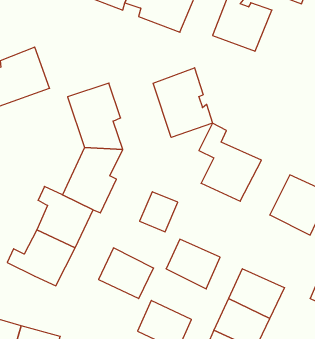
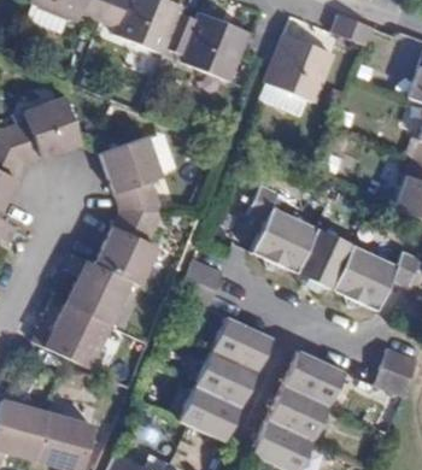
building: [153,68,213,137] -> none
building: none -> [297,224,353,287]
building: [99,248,154,299] -> [195,348,258,406]

